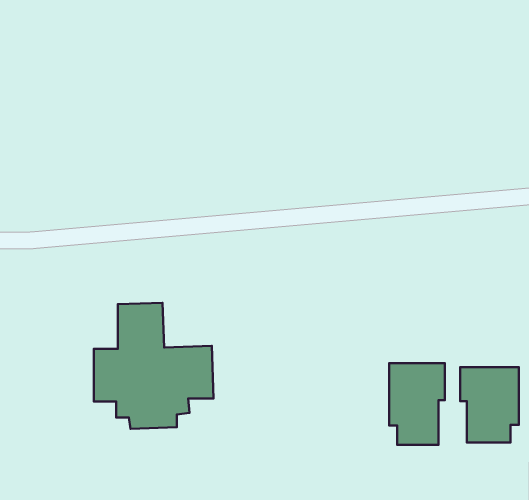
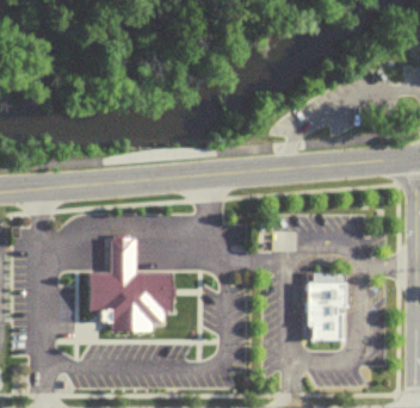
building: [460,367,519,443] -> none

